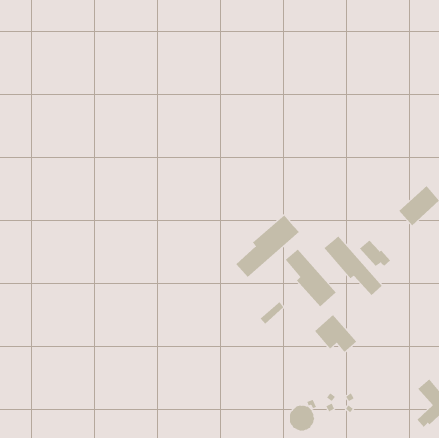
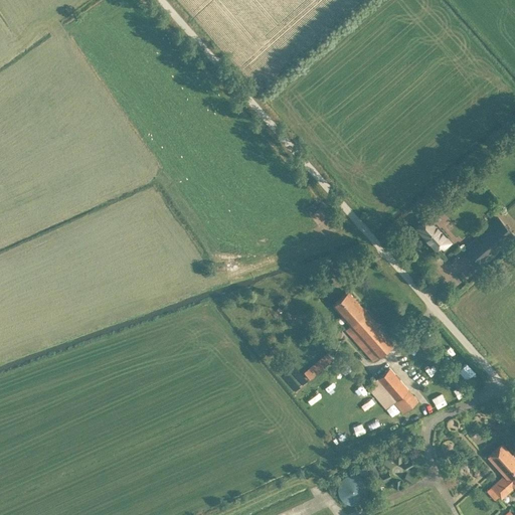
building: [236,214,300,278] -> none
building: [323,235,383,296] -> none
building: [359,240,391,266] -> [416,219,454,250]

